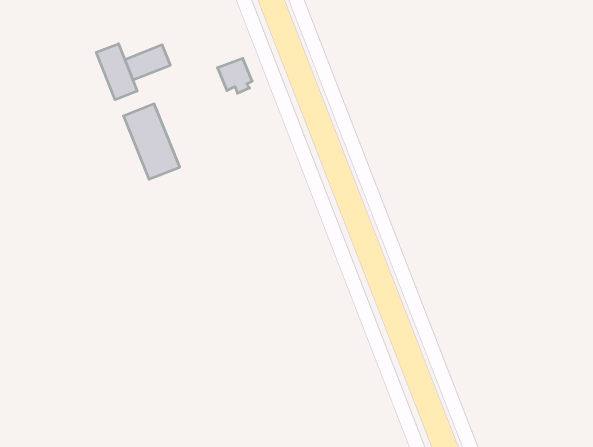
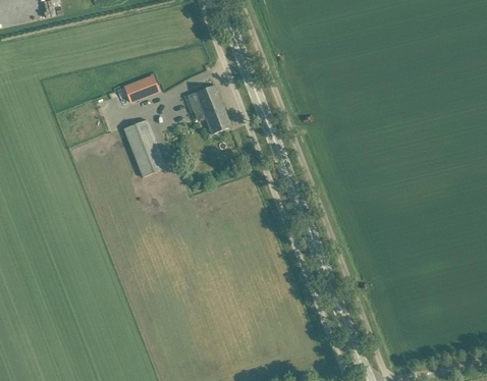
building: [96,44,137,100] -> none
building: none -> [201,103,229,134]

